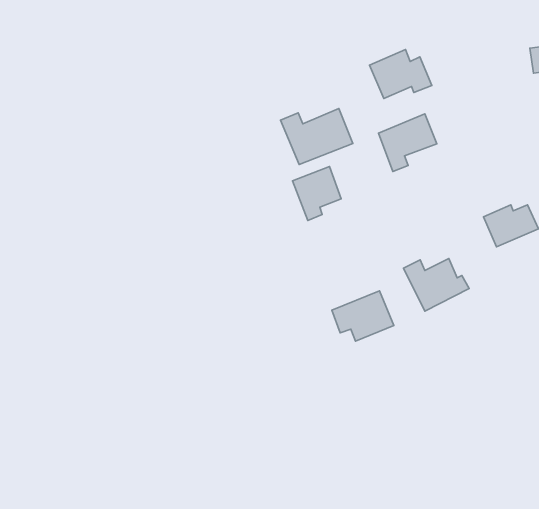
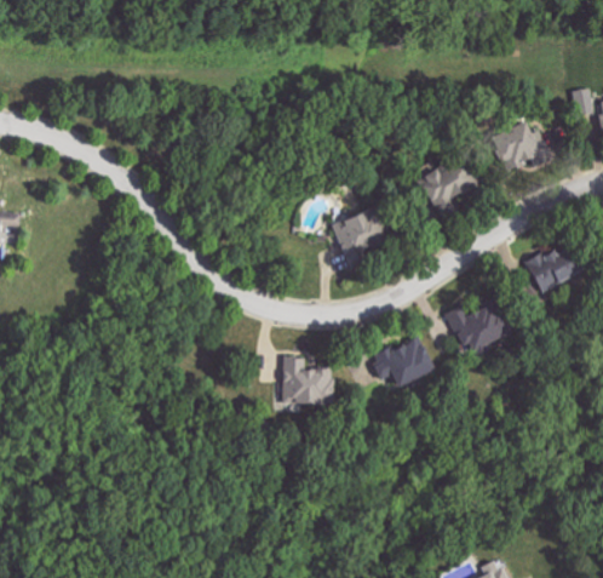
building: [370,50,432,99] -> [489,121,552,171]
building: [281,108,353,164] -> none
building: none -> [282,357,334,405]

